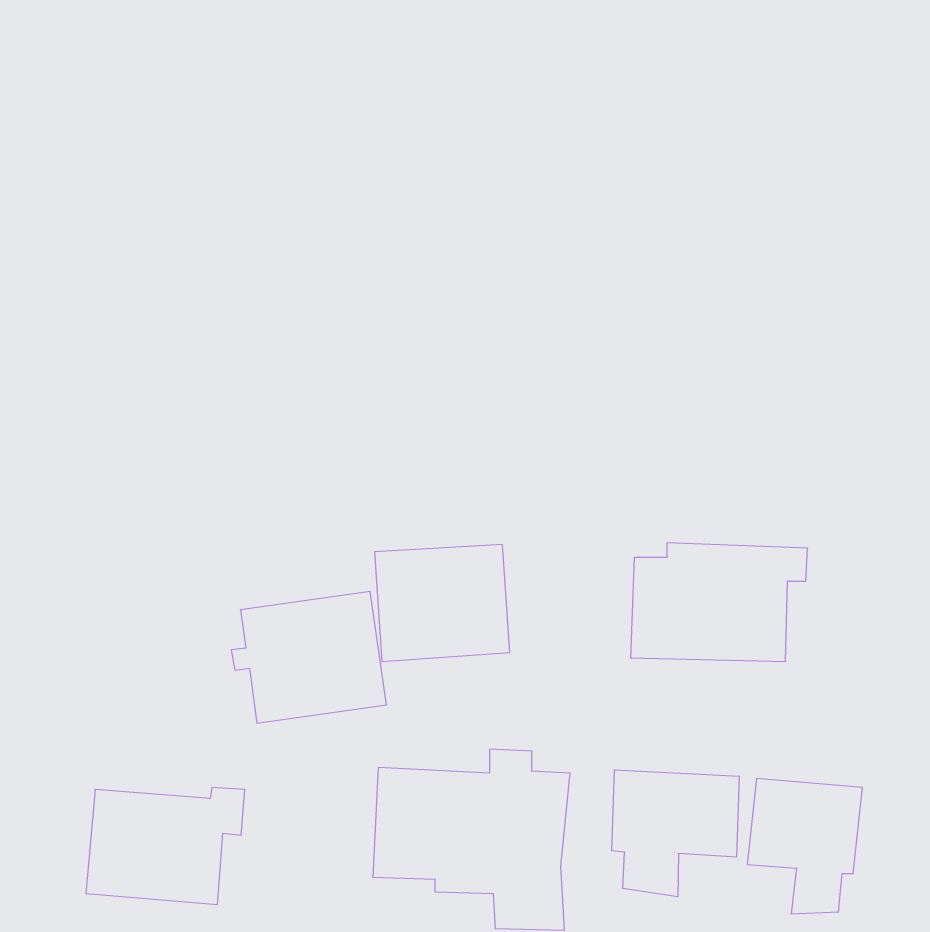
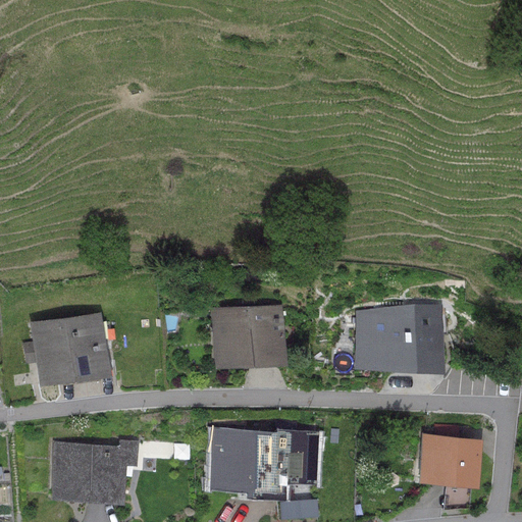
building: [231,591,387,723] -> [25,312,112,385]
building: [612,770,739,897] -> none

